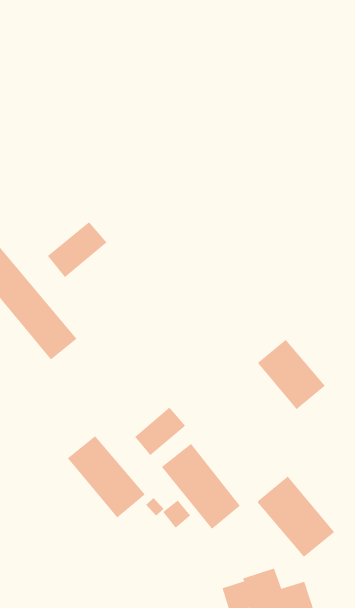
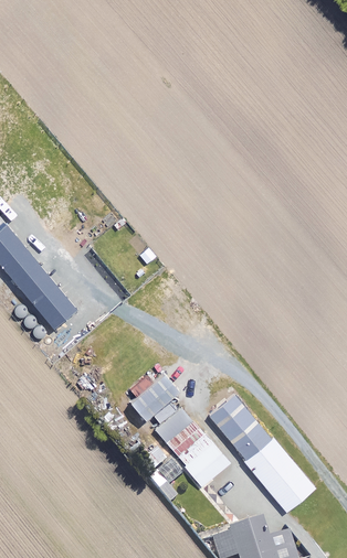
building: [47,221,107,278] -> none
building: [257,339,326,410] -> [208,393,271,458]
building: [67,435,146,519] -> none

